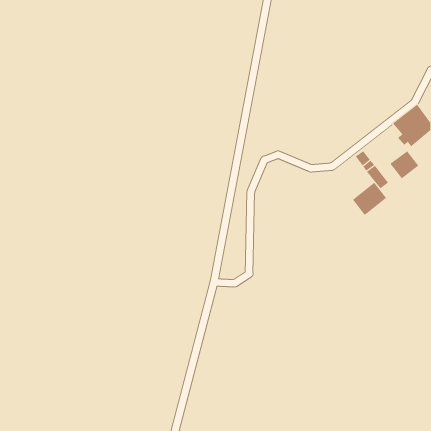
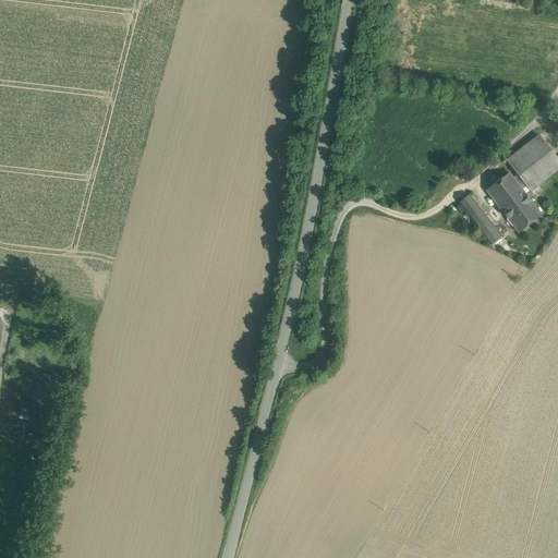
building: none -> [486,172,525,211]
building: [352,182,387,216] -> none

